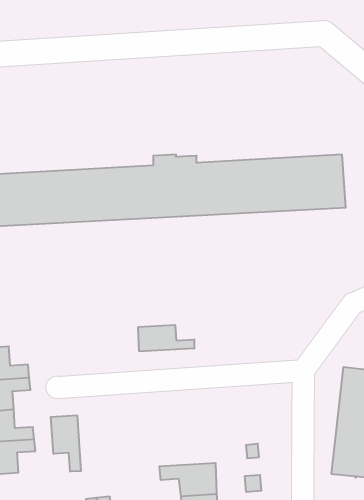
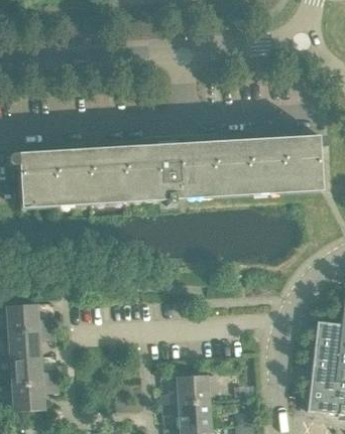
building: [138,325,194,351] -> none
building: [51,415,81,472] -> none
building: none -> [161,375,210,405]

